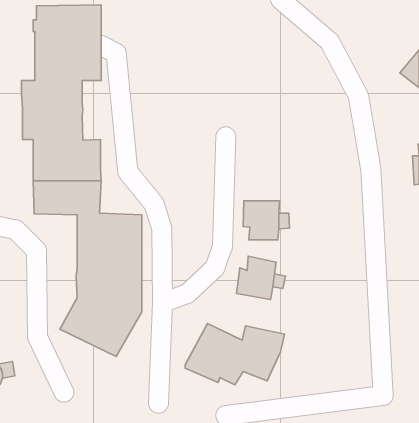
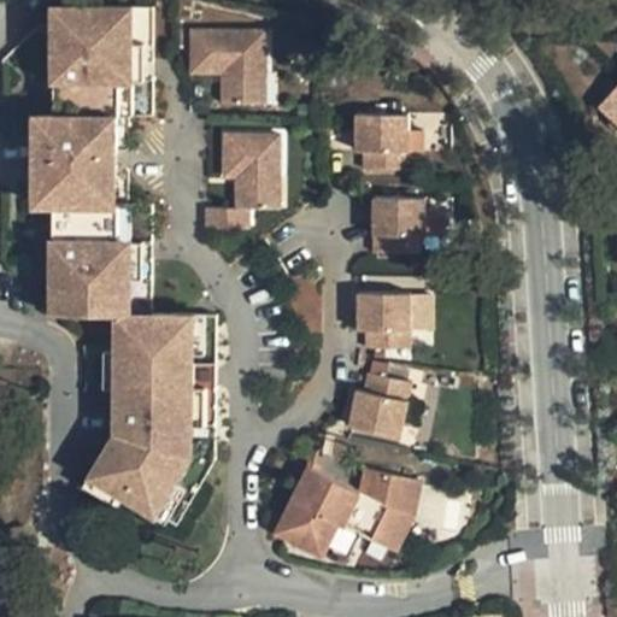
building: none -> [190,30,264,108]
building: none -> [351,113,401,171]
building: none -> [199,131,276,228]
building: none -> [363,195,415,246]

